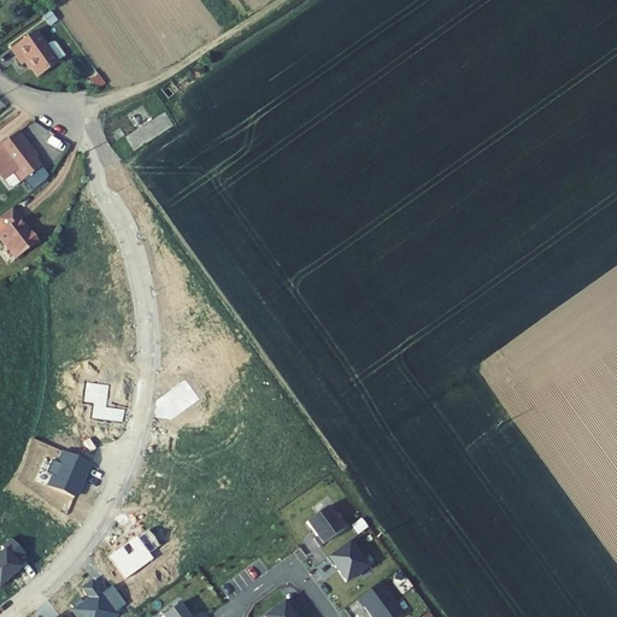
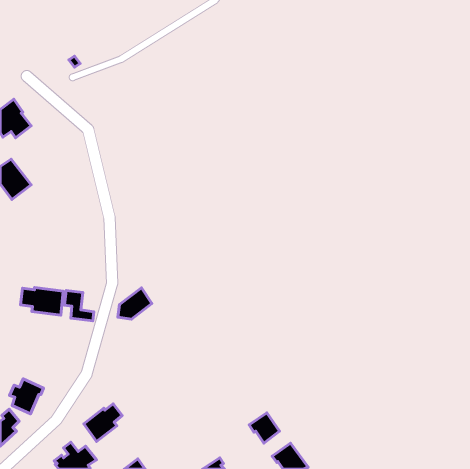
building: [10,29,59,77] -> none
building: none -> [21,287,63,315]
building: [46,451,90,496] -> [9,379,43,414]
building: [307,506,343,545] -> none

